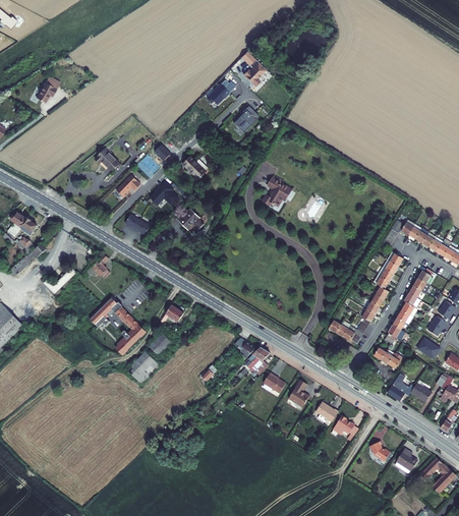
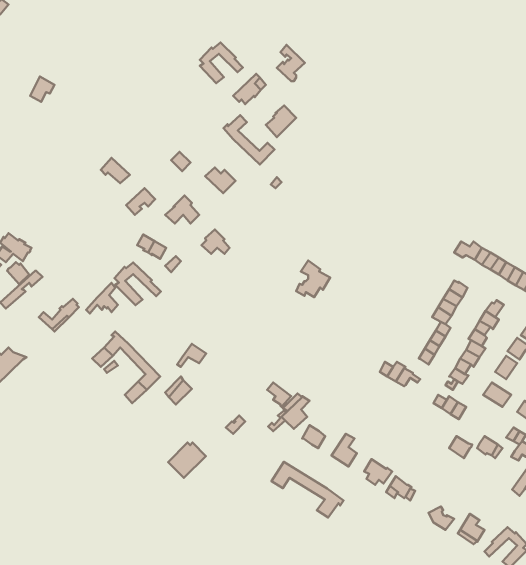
building: none -> [200,43,243,83]
building: none -> [223,115,274,164]
building: [262,175,290,206] -> [296,261,330,297]
building: none -> [115,263,161,305]
building: [127,354,159,384] -> [168,443,206,478]
building: none -> [272,462,344,517]

